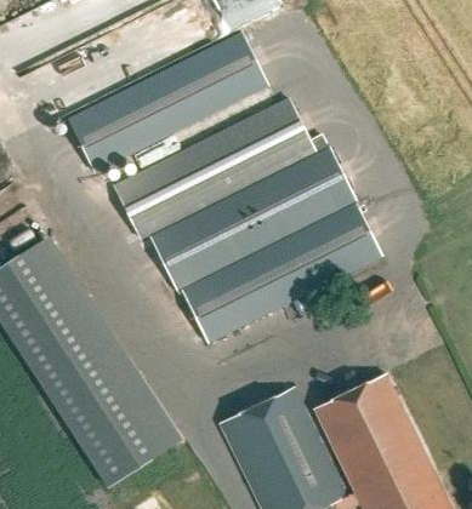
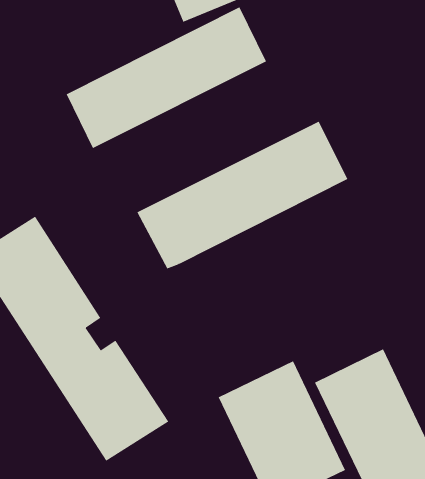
building: [114,97,314,236] -> none
building: [182,201,383,342] -> none

